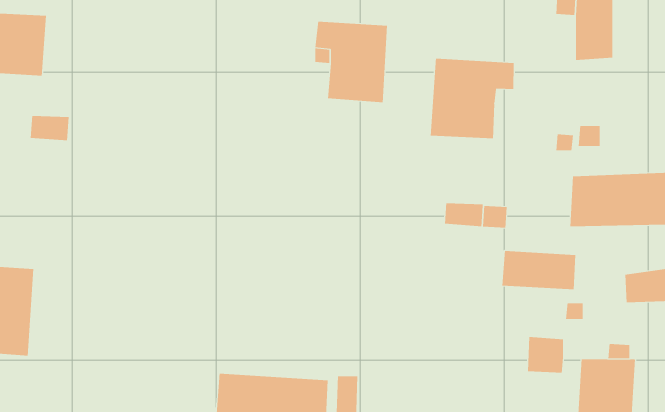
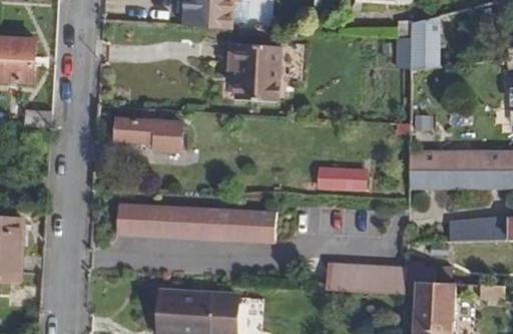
building: [430,58,514,139] -> none
building: none -> [114,119,184,151]
building: none -> [114,203,275,243]
building: [501,251,576,290] -> [326,264,379,292]

